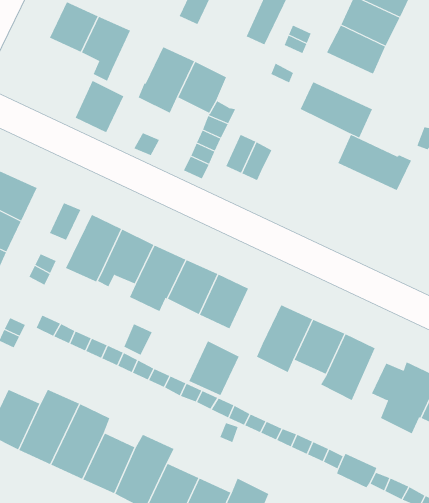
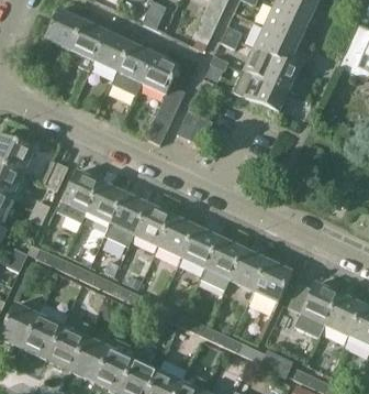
building: [75,80,124,132] -> [92,32,130,72]
building: [337,134,412,191] -> [243,48,299,91]
building: [189,341,240,396] -> [180,227,219,269]

